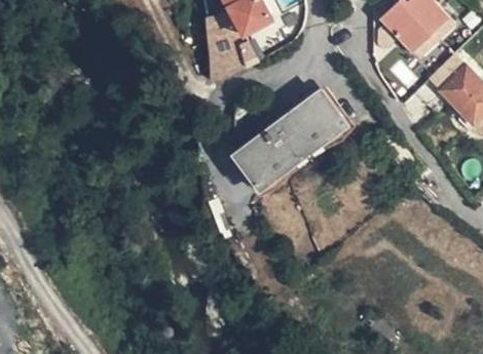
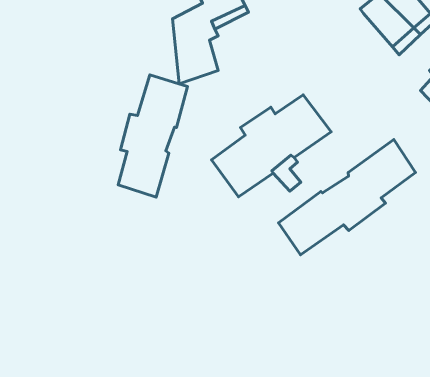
building: none -> [118,75,188,197]
building: none -> [278,139,415,255]

